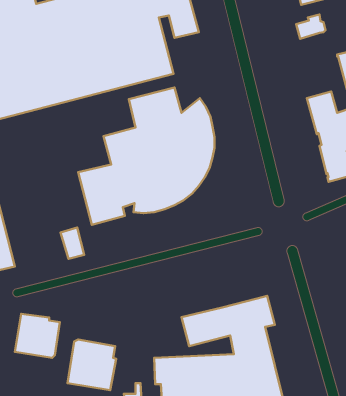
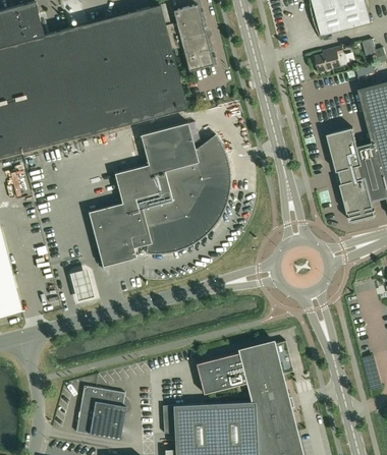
building: [15,314,60,358] -> none

